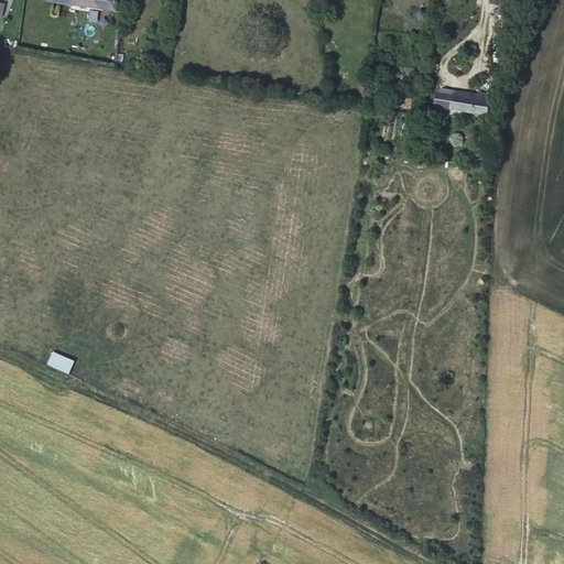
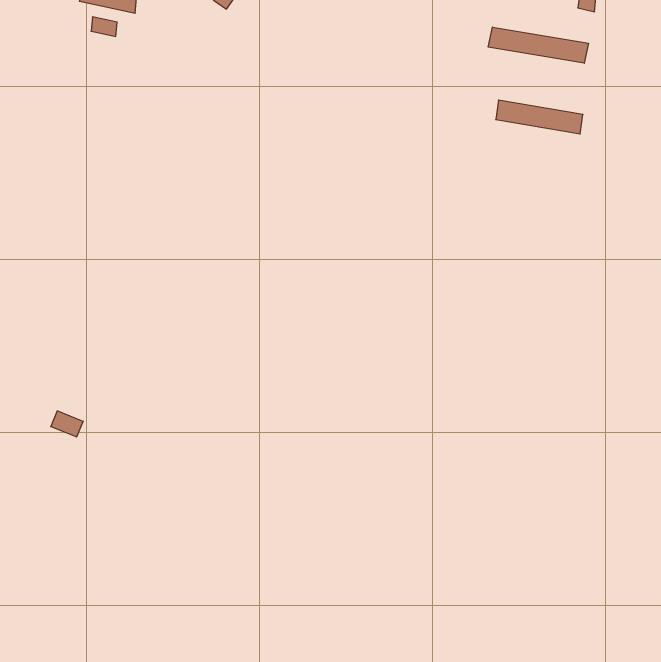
building: none -> [488,27,588,63]

